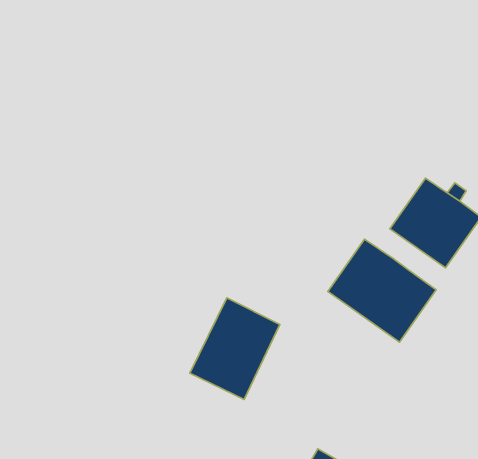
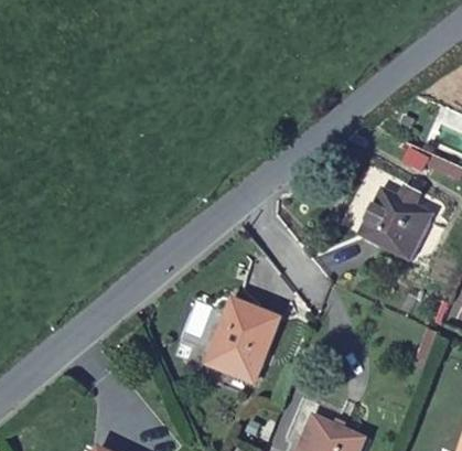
building: [328,239,436,342] -> none

